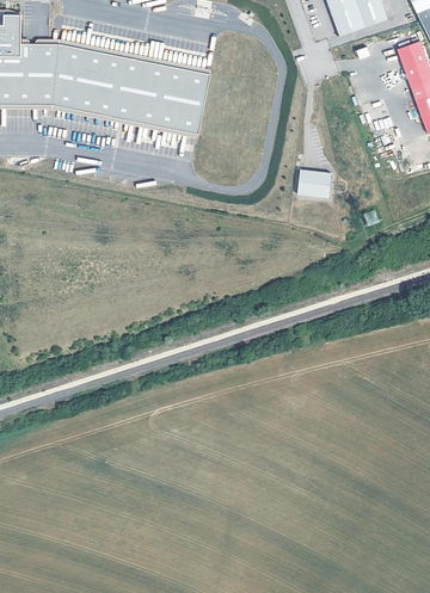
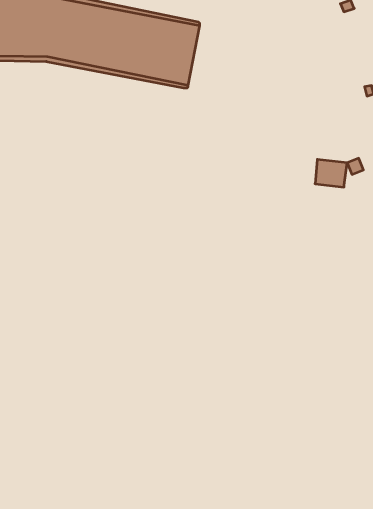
building: [297,171,331,199] -> [315,159,347,187]

